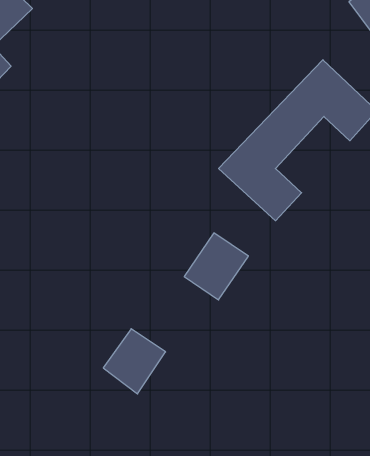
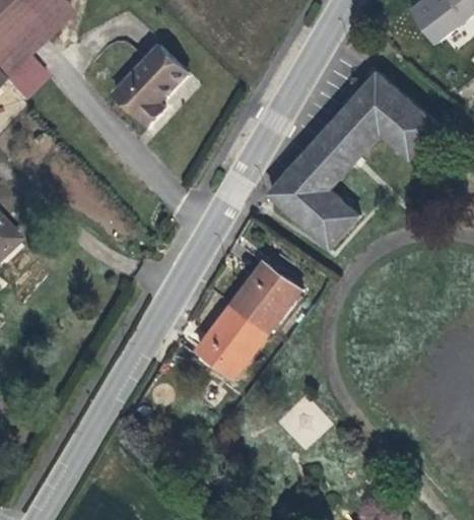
building: none -> [110,55,185,135]
building: [103,329,166,394] -> [199,306,267,377]

